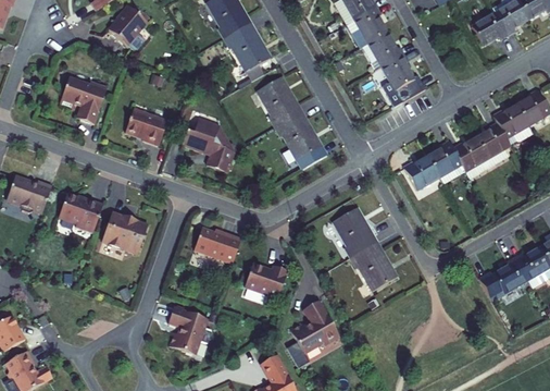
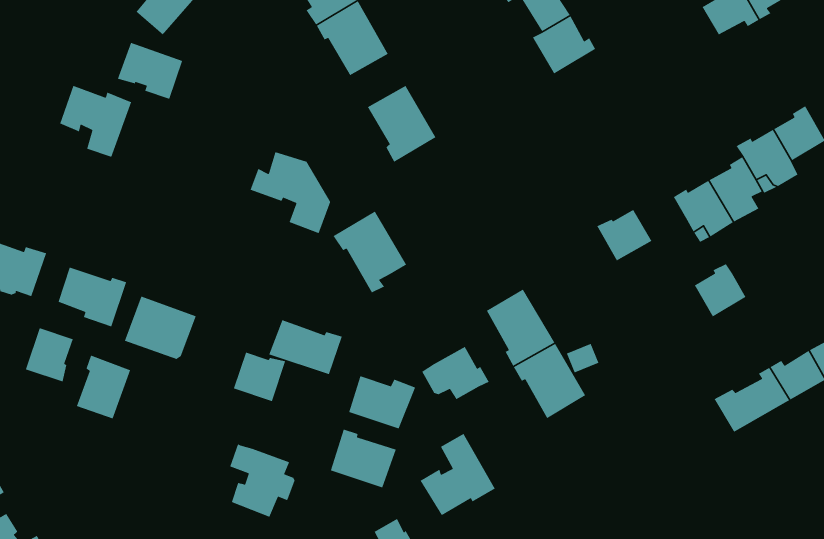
building: [382,54,414,98] -> none
building: [125,109,167,146] -> [117,42,183,100]
building: [274,111,322,164] -> [333,210,407,294]
building: [427,143,461,178] -> [694,263,746,317]
building: none -> [25,327,74,383]
building: none -> [421,346,490,400]
building: none -> [233,351,286,402]
building: none -> [76,354,131,420]
building: none -> [330,429,397,489]

